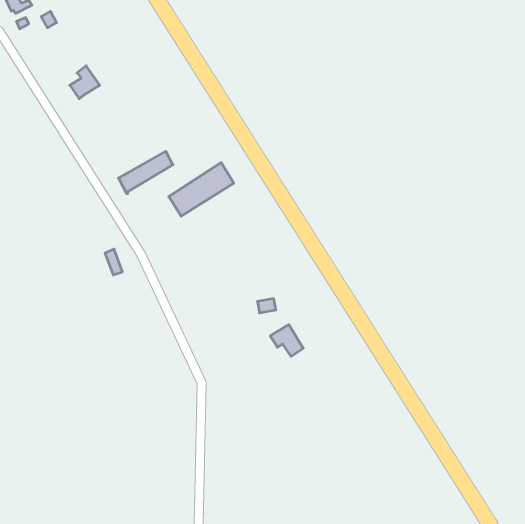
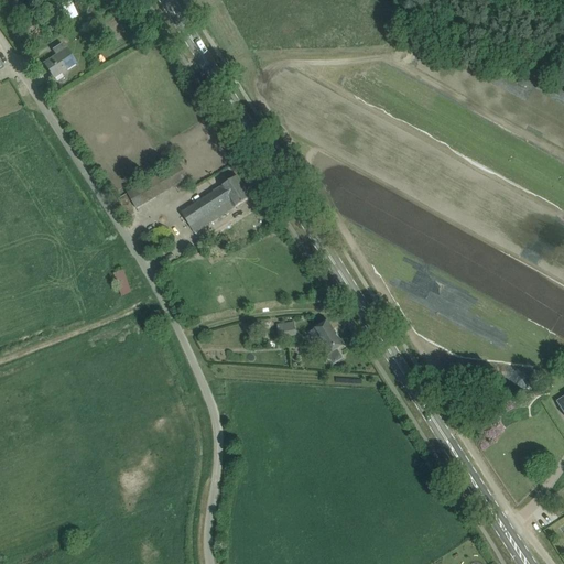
building: [70,66,100,99] -> [43,41,75,76]
building: [270,325,303,356] -> [307,318,343,352]

